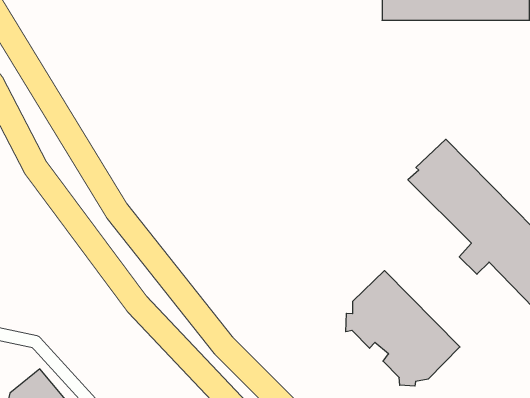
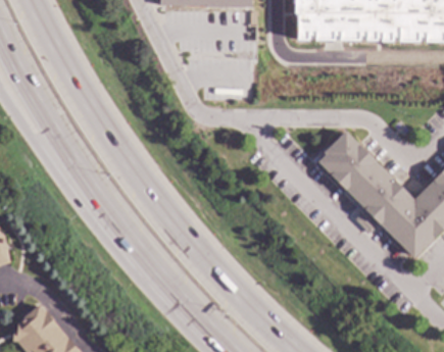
building: [346,271,460,386] -> none

